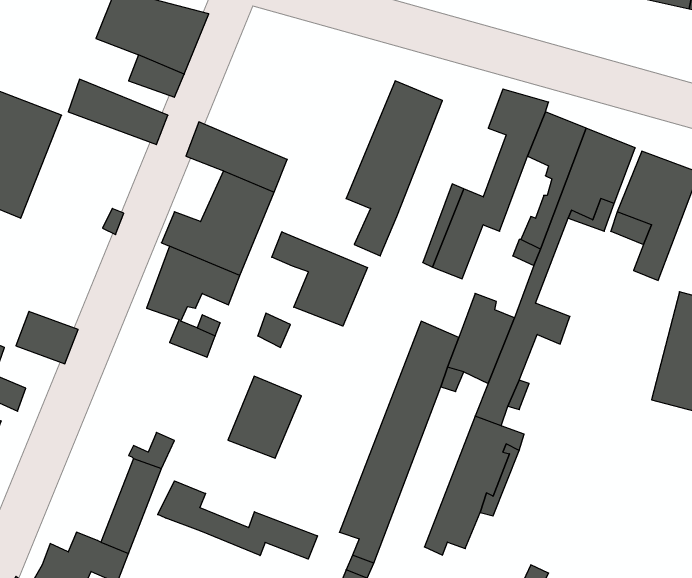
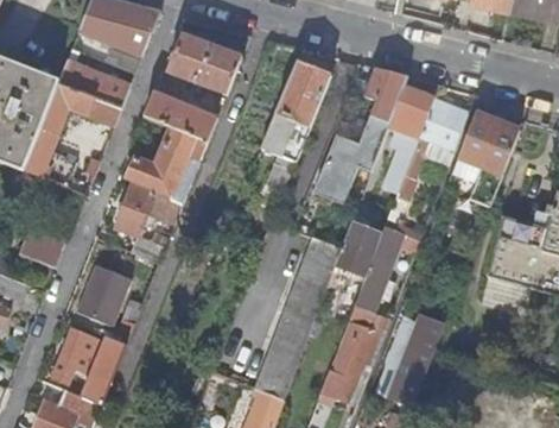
building: none -> [167,33,242,94]
building: none -> [24,83,122,190]
building: [272,232,368,326] -> none
building: [228,376,301,458] -> [77,264,131,323]
building: none -> [388,314,445,407]
building: none -> [51,327,99,383]
building: [158,481,317,559] -> none

